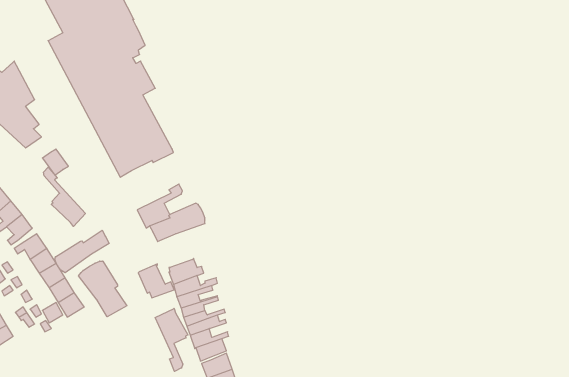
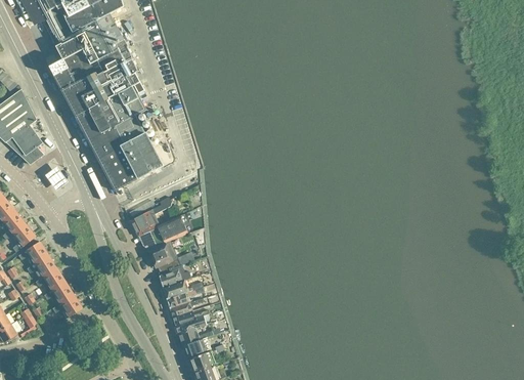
building: [44,167,85,226] -> none
building: [55,230,109,273] -> none
building: [79,261,127,317] -> none
building: [138,264,174,298] -> [147,241,180,271]
building: [155,308,188,371] -> none

